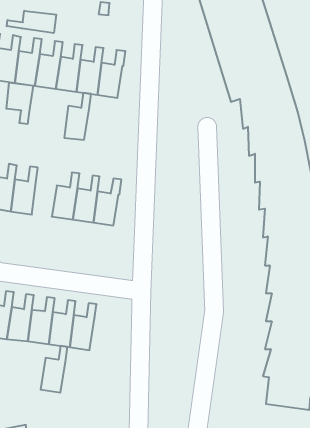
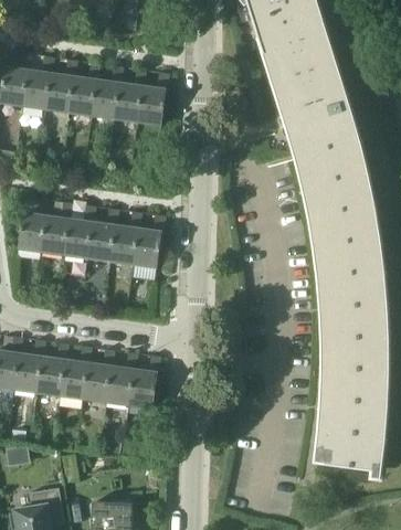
building: [7,11,56,33] -> none
building: [6,83,33,124] -> none
building: [64,93,91,140] -> [63,205,93,257]
building: [41,346,67,393] -> [127,357,157,409]

